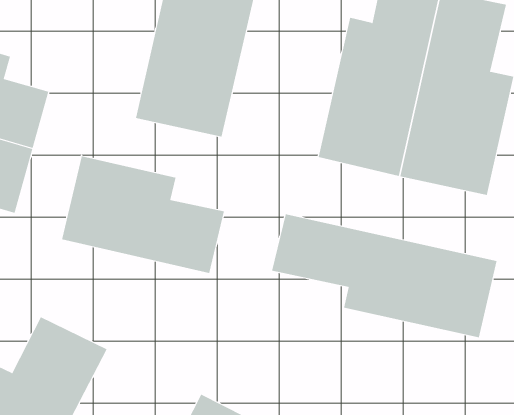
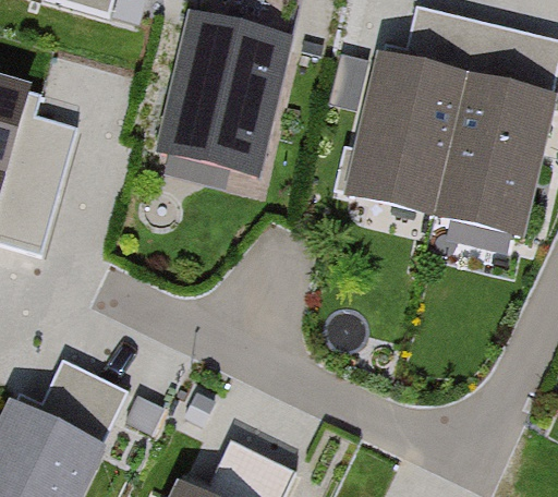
building: [61,155,225,274] -> none
building: [271,213,497,338] -> none

